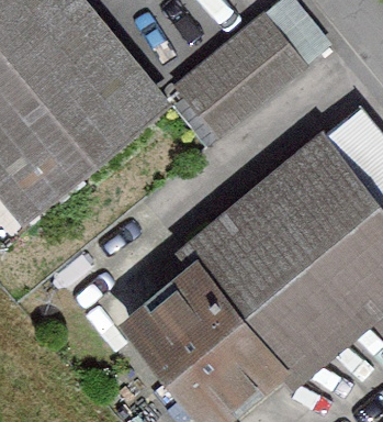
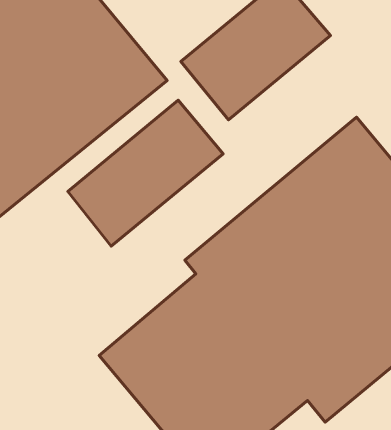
building: none -> [68,100,223,246]

